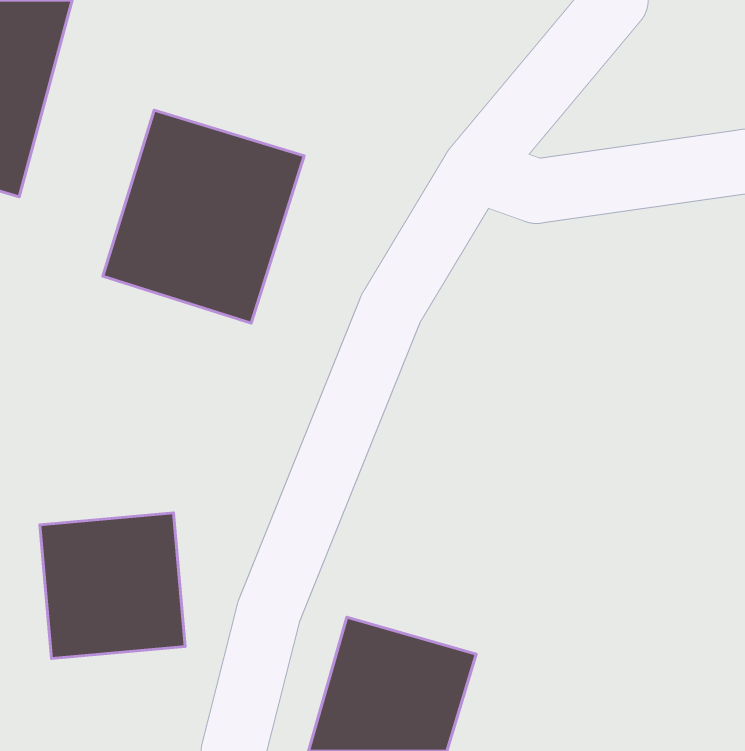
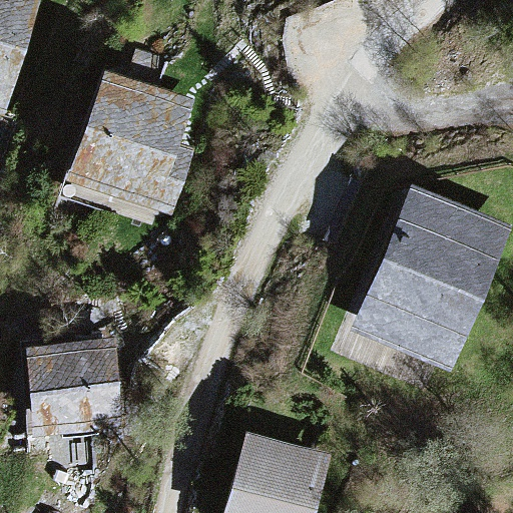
building: none -> [345,187,500,367]

